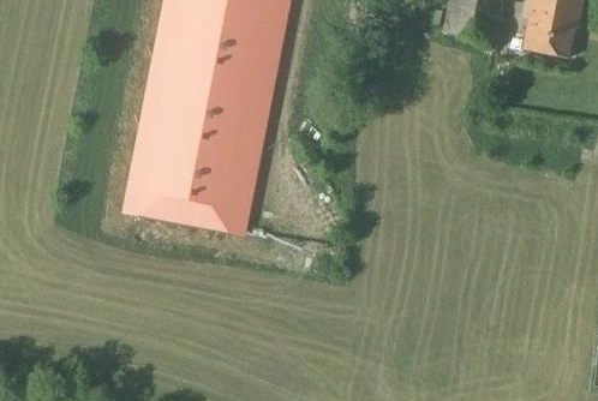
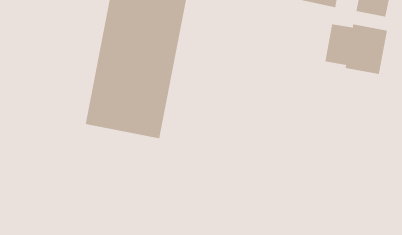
building: none -> [324,23,388,75]

